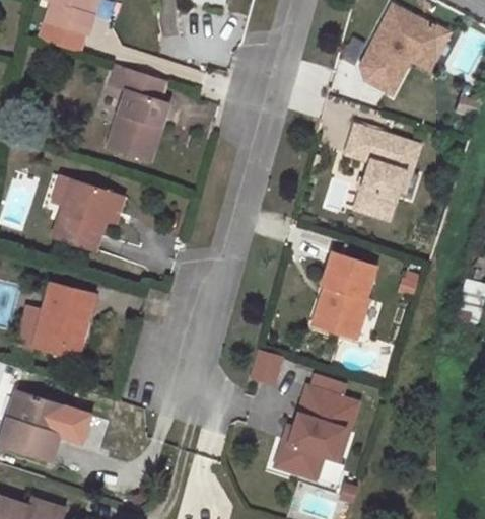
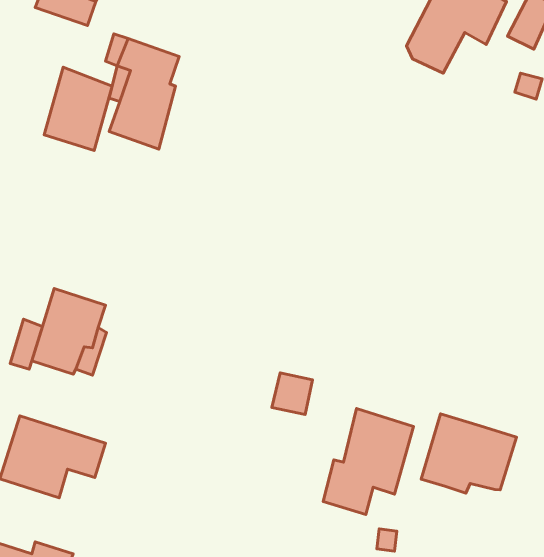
building: [344,127,414,219] -> none
building: [55,177,113,248] -> [44,67,112,150]
building: [313,251,373,336] -> none
building: none -> [421,414,516,493]

